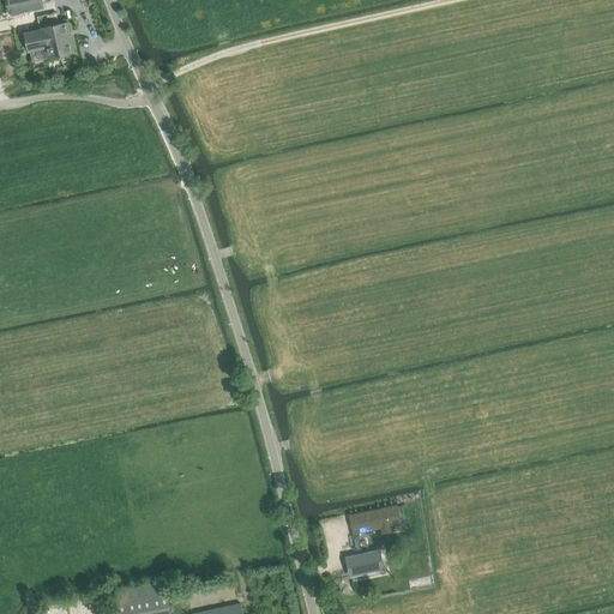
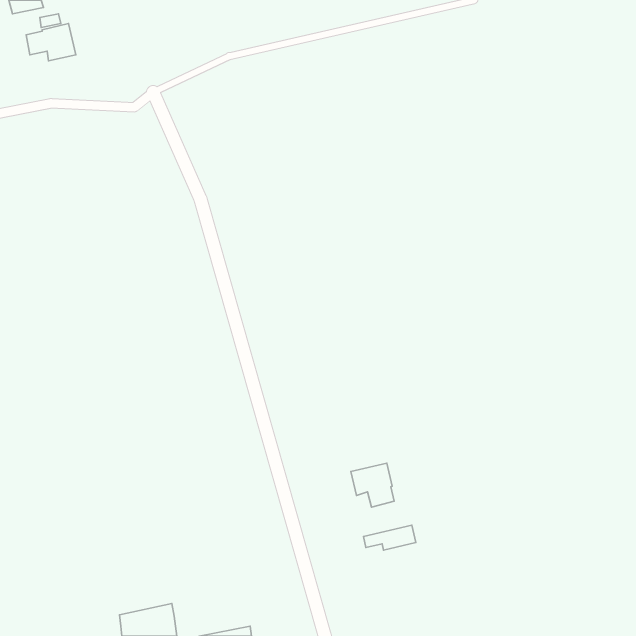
building: none -> [351,463,394,507]
building: [347,553,384,577] -> none

